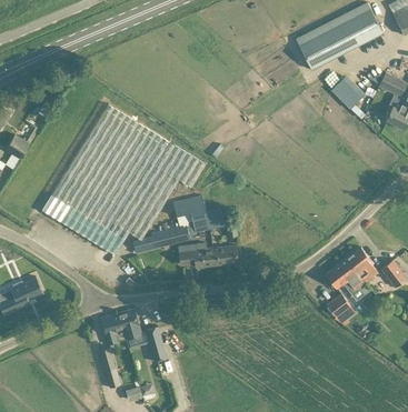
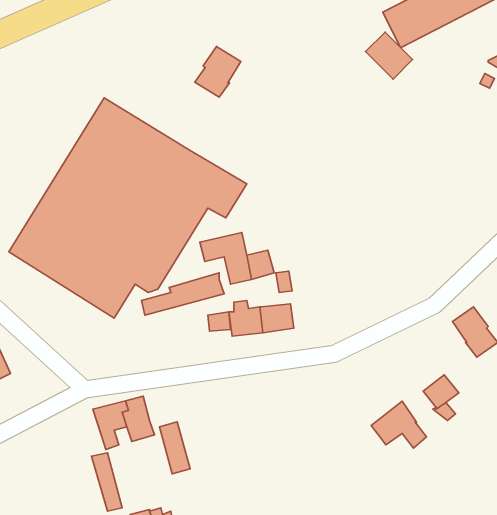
building: none -> [195,46,241,97]
building: [331,77,364,109] -> [366,32,413,79]
building: [326,258,364,290] -> [371,401,426,448]

